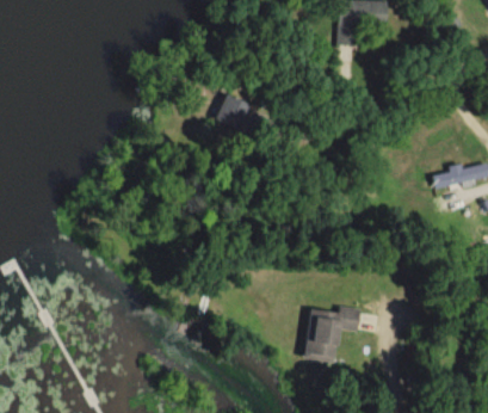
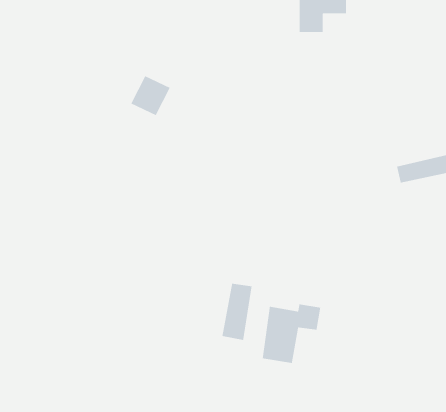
building: [214,92,253,131] -> [130,75,171,116]
building: none -> [221,283,253,341]

